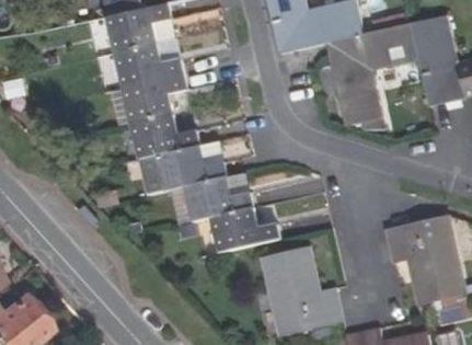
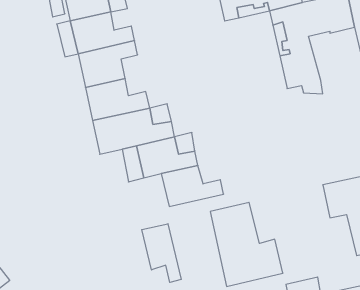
building: none -> [142,224,181,282]

